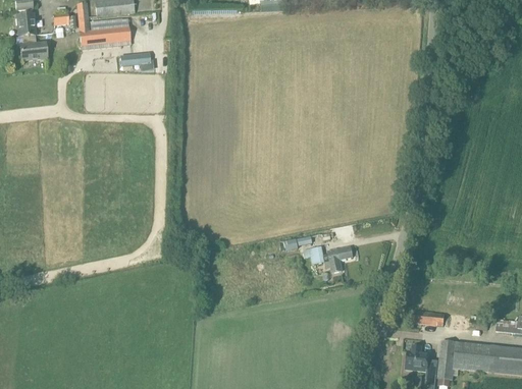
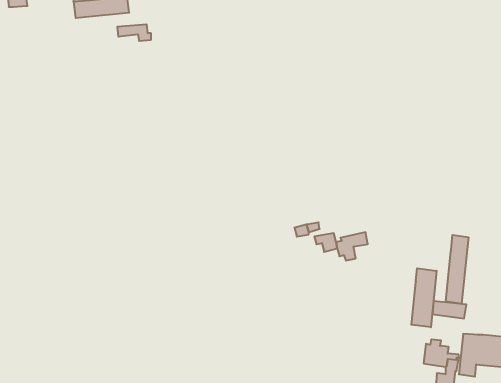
building: [19,35,47,60] -> none
building: none -> [446,235,468,304]
building: none -> [411,268,437,327]

